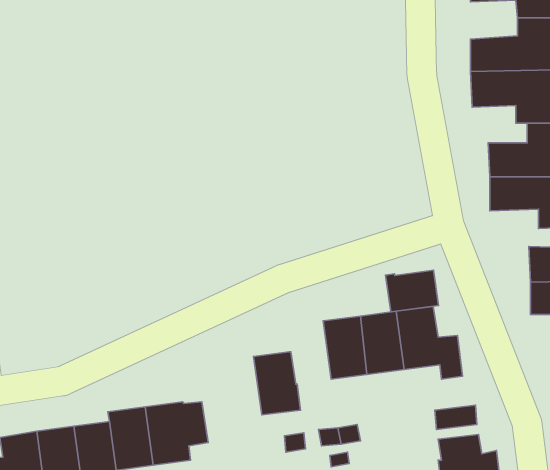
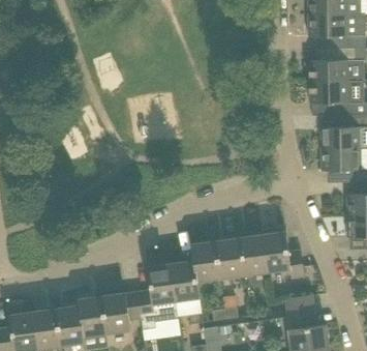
building: [386,270,438,312] -> none
building: none -> [190,241,219,282]
building: none -> [136,264,178,330]

